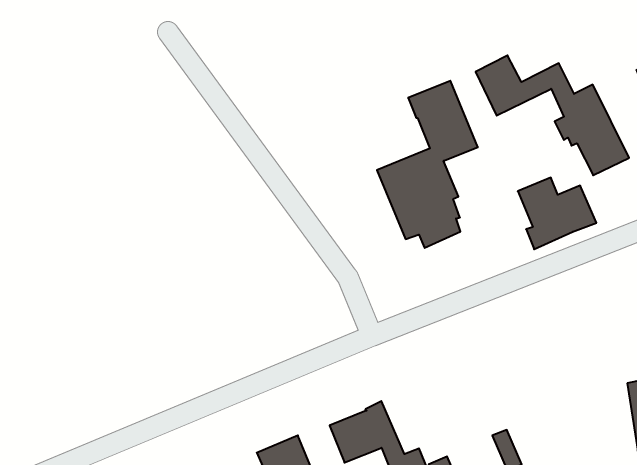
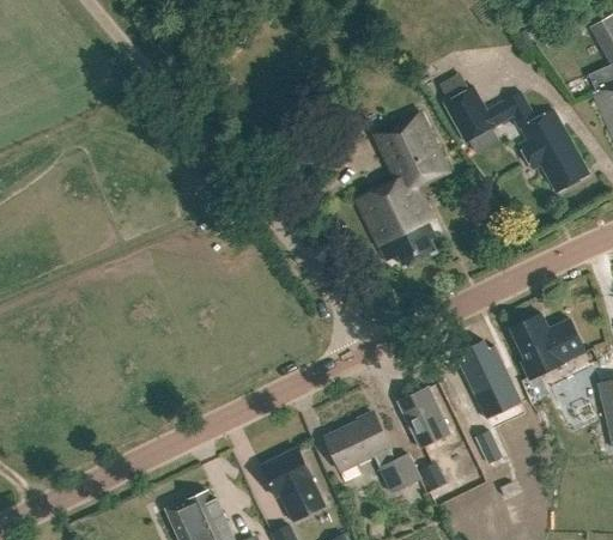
building: [518,178,596,249] -> [511,313,585,380]
building: none -> [461,342,521,420]
building: none -> [397,387,451,449]

